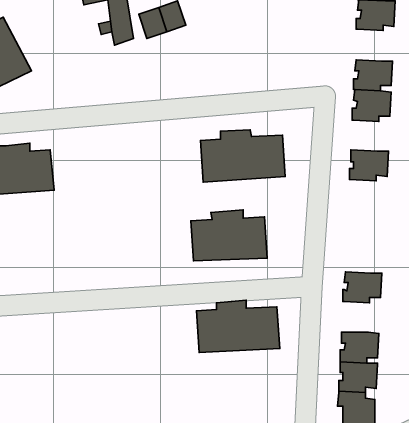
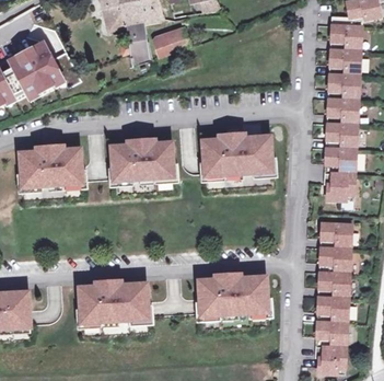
building: none -> [328,50,360,77]
building: none -> [325,125,357,150]
building: none -> [323,173,354,201]
building: [191,210,267,261] -> [112,138,174,180]
building: none -> [319,223,351,250]
building: none -> [317,273,349,298]
building: none -> [80,278,148,322]

